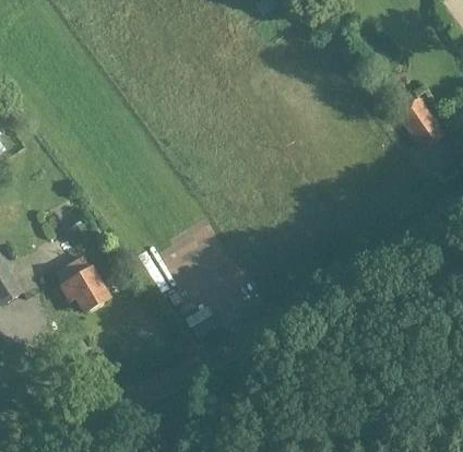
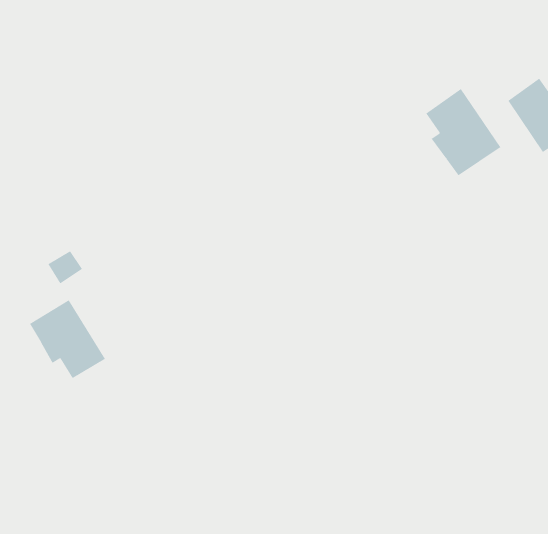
building: none -> [426,88,501,176]

